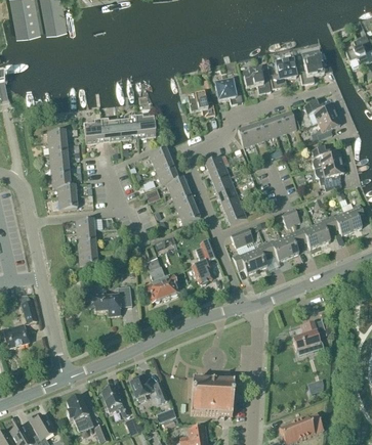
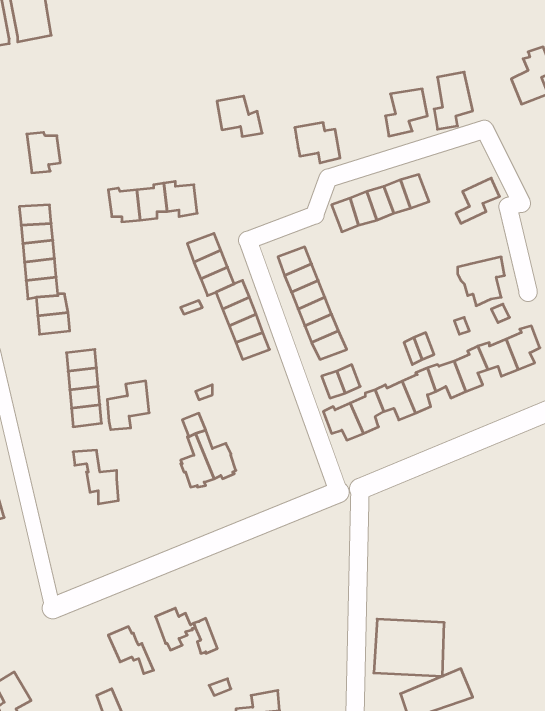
building: [243,66,272,93] -> none
building: [188,92,215,117] -> [217,96,262,136]
building: [304,98,335,122] -> none
building: [83,119,104,143] -> [27,132,60,173]
building: [313,147,341,168] -> none
building: [193,240,216,284] -> none
building: [107,285,132,315] -> [107,381,149,430]
building: [293,318,327,351] -> none
building: [191,381,234,415] -> [374,619,444,676]
building: [67,395,94,432] -> none

